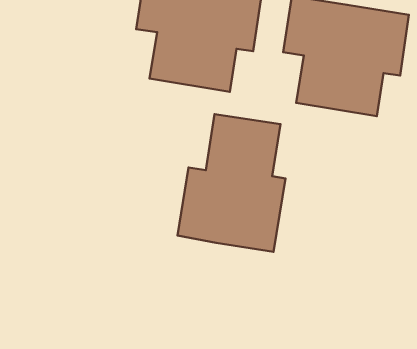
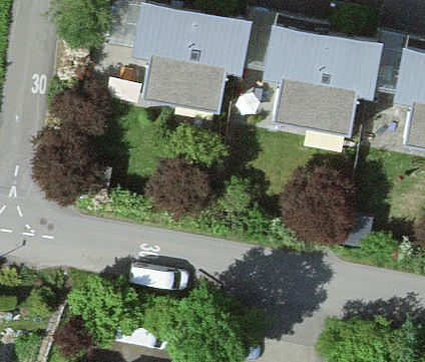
building: [178,114,286,252] -> none

